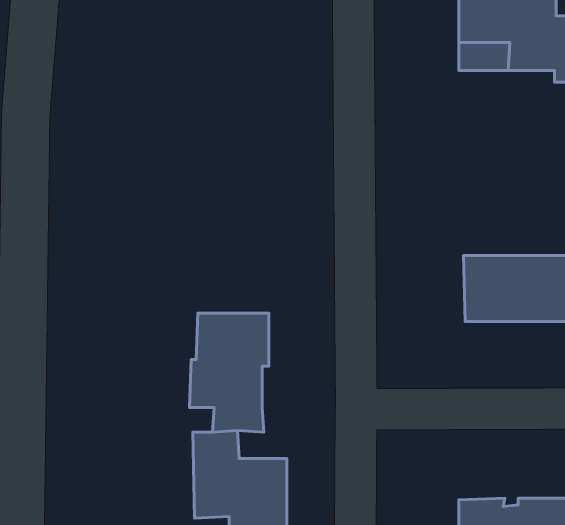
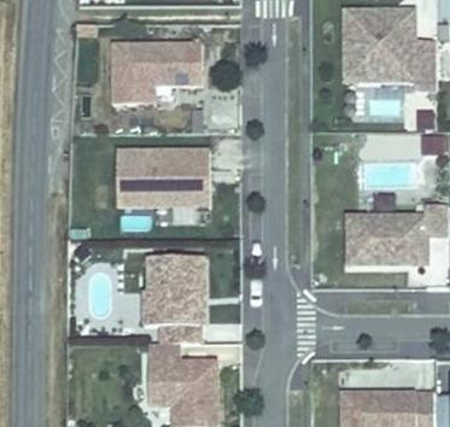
building: none -> [111,42,200,103]
building: none -> [118,150,212,204]

